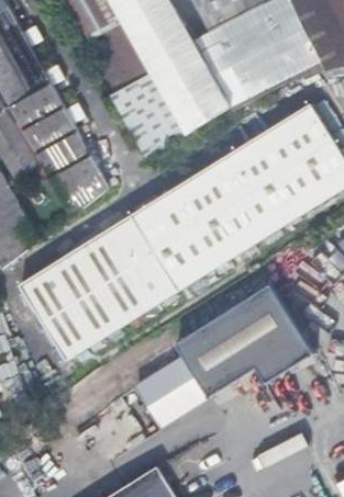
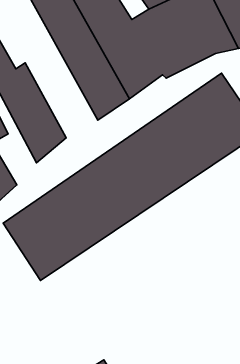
building: [133,284,318,422] -> none

